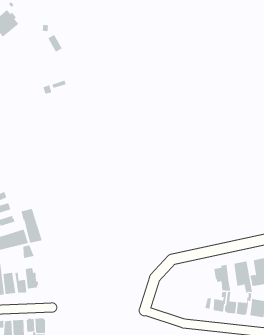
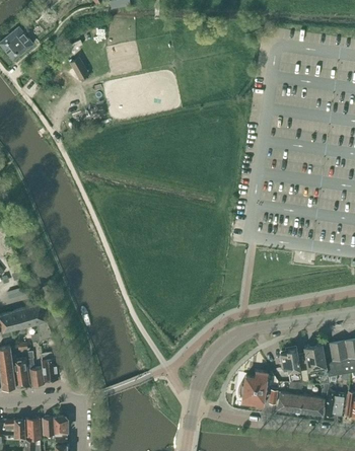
building: [21,208,42,243] -> none
building: none -> [237,373,265,405]

